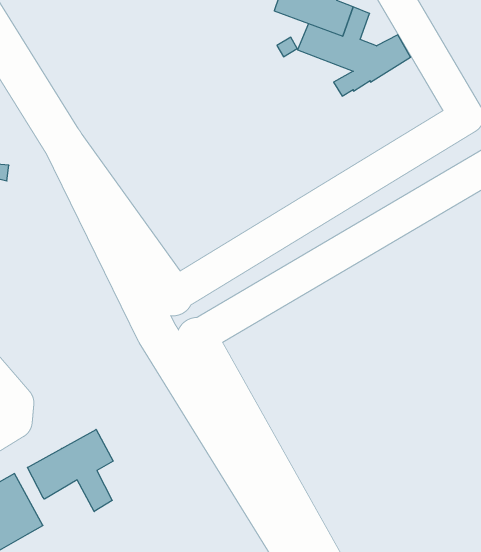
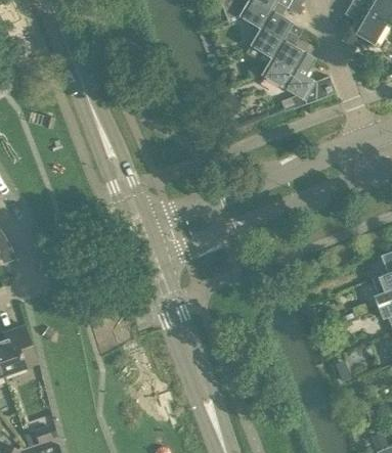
building: [27,429,113,512] -> none

